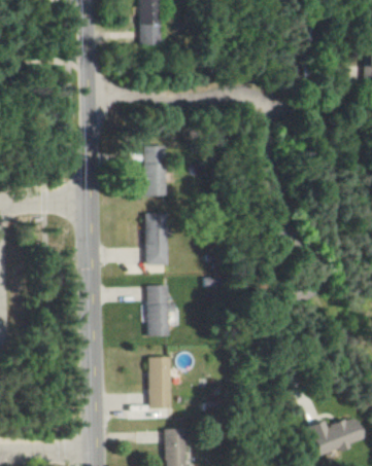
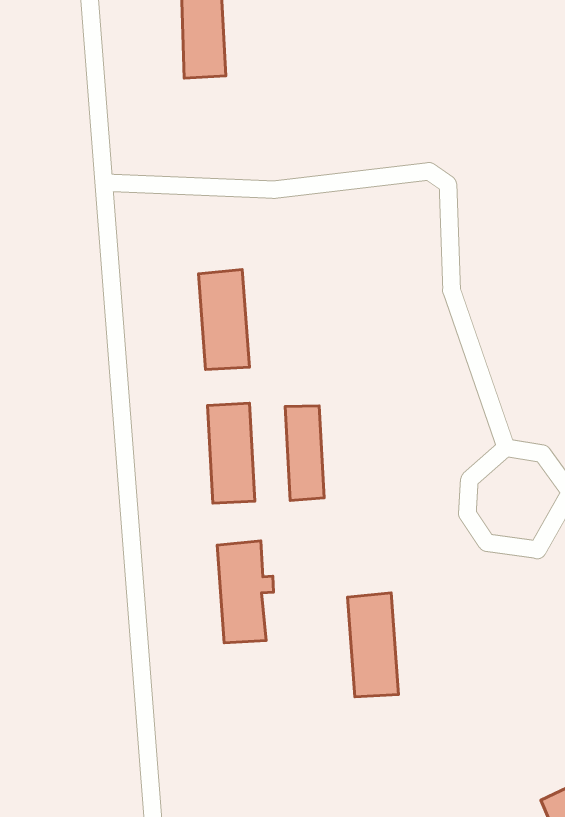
building: none -> [285,406,324,501]
building: [146,356,170,408] -> [347,593,399,697]

